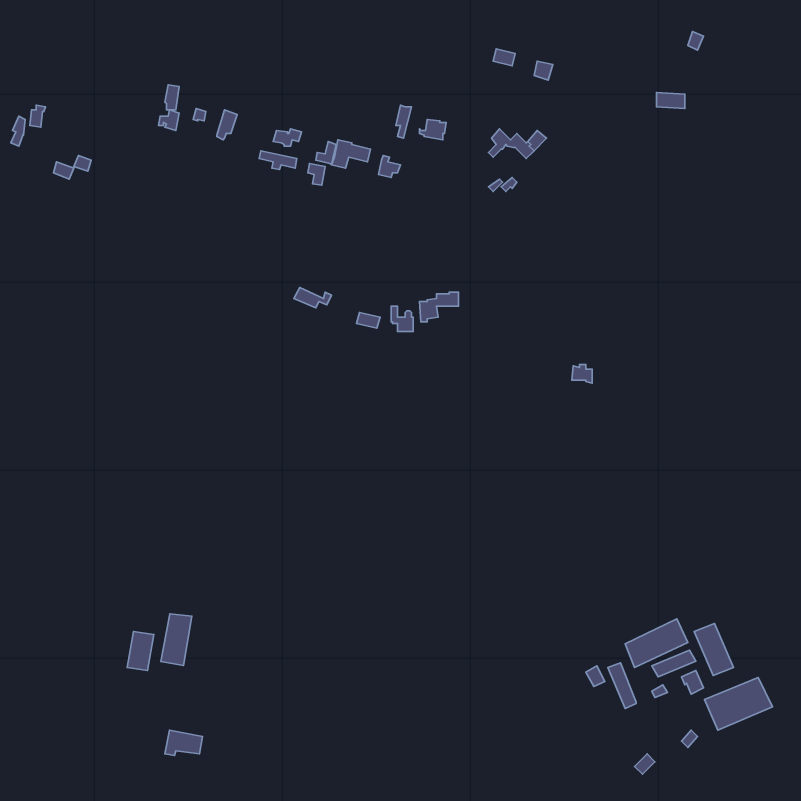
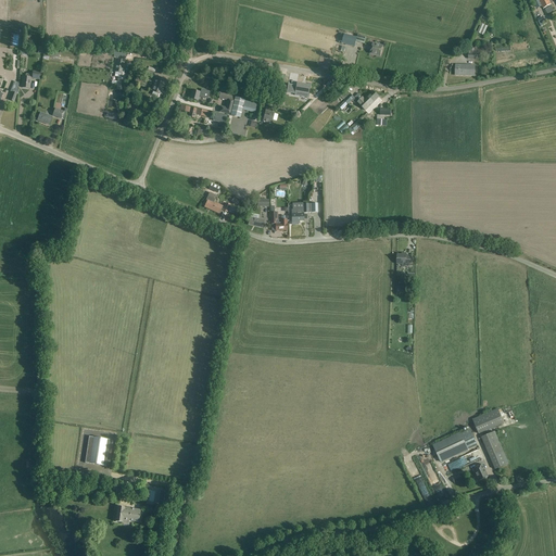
building: none -> [471,407,503,433]
building: [161,614,192,665] -> none
building: [705,677,773,730] -> none

